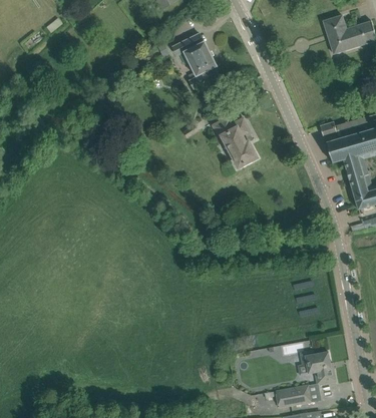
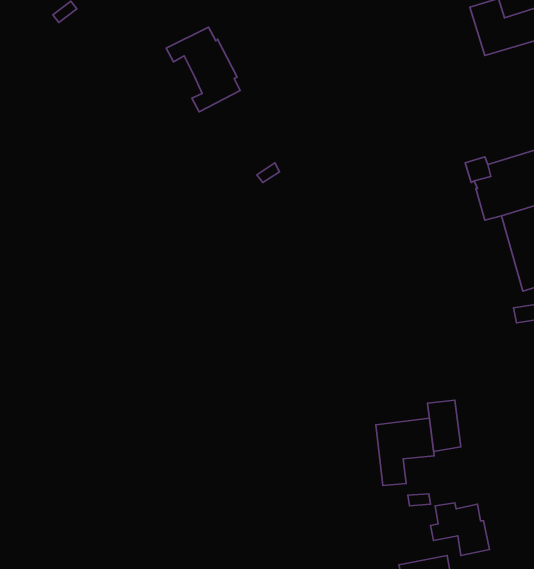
building: [170,33,220,89] -> [166,27,240,112]
building: [213,117,257,167] -> none
building: none -> [376,418,434,486]

